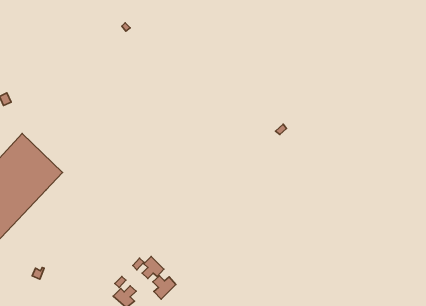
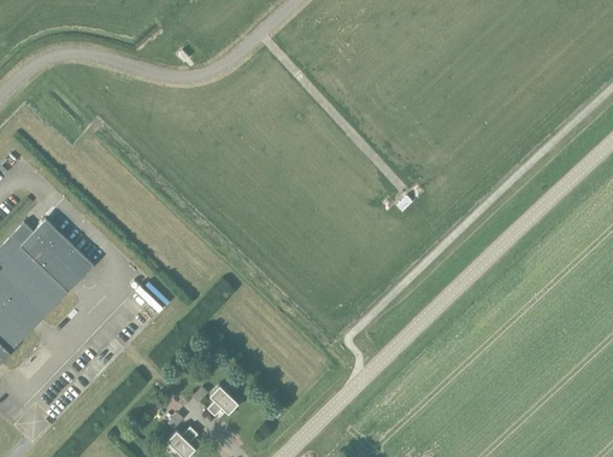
building: [153,276,176,299] -> none

